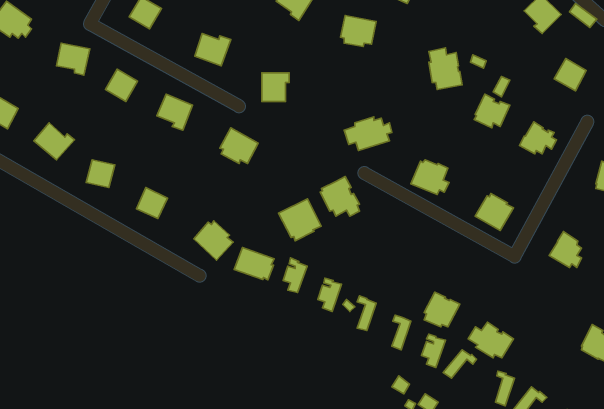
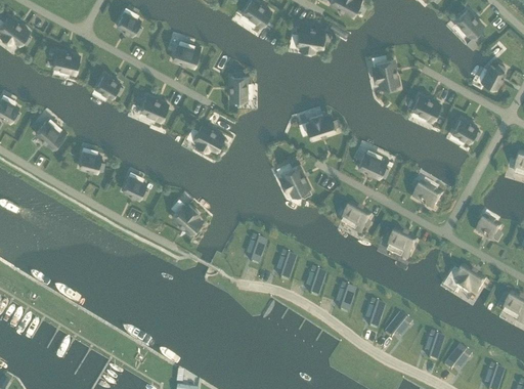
building: [279,199,321,241] -> none
building: none -> [341,200,372,231]
building: [234,247,274,280] -> none
building: [424,292,460,327] -> [386,226,417,256]
building: [468,322,514,358] -> [447,262,486,293]

